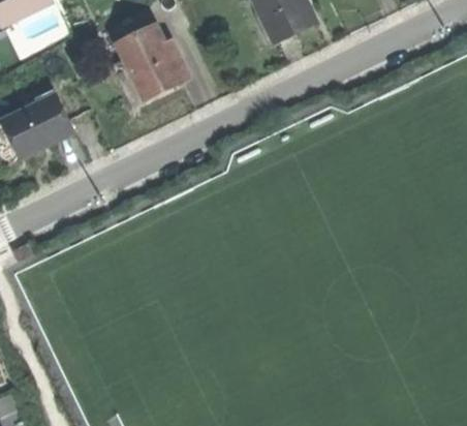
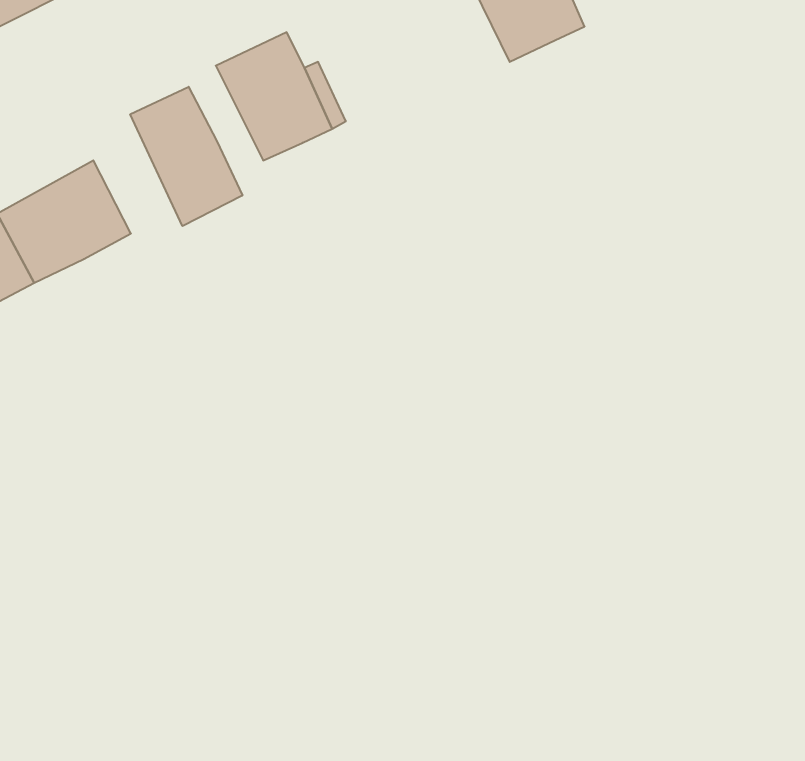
building: none -> [130,87,242,226]

